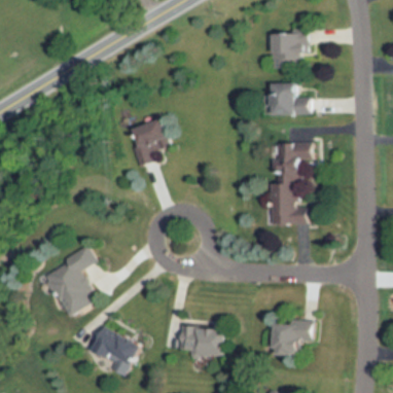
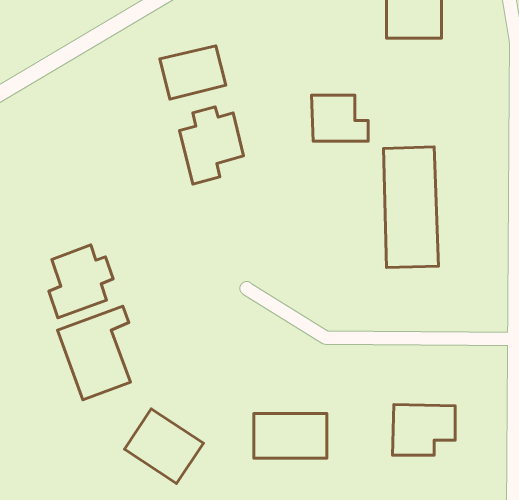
building: none -> [160,46,226,99]
building: [272,81,311,113] -> [312,95,368,141]
building: none -> [49,245,113,318]

